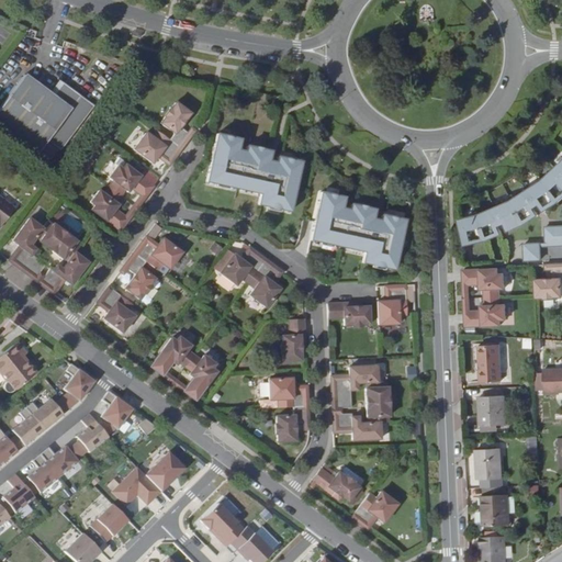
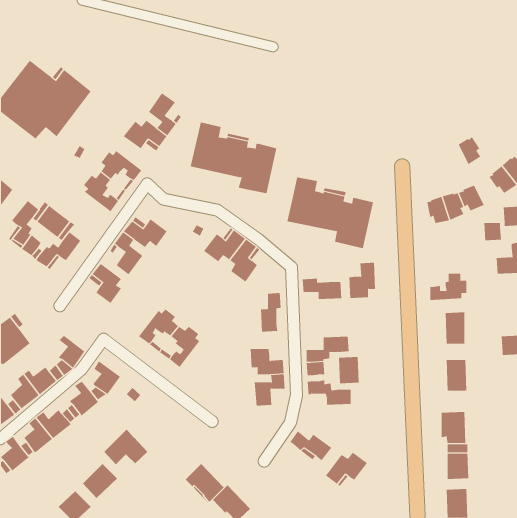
building: [515,192,540,223] -> [458,136,481,165]
building: [464,268,506,296] -> none
building: [147,450,187,490] -> none

